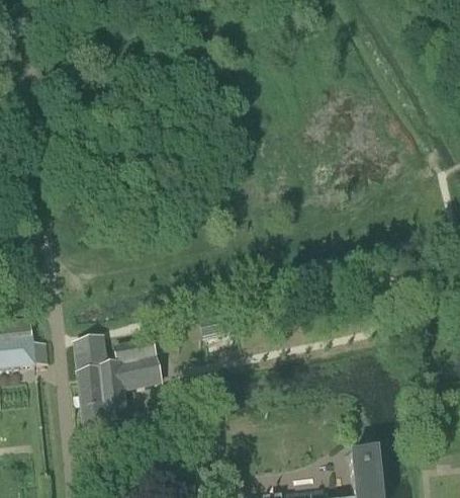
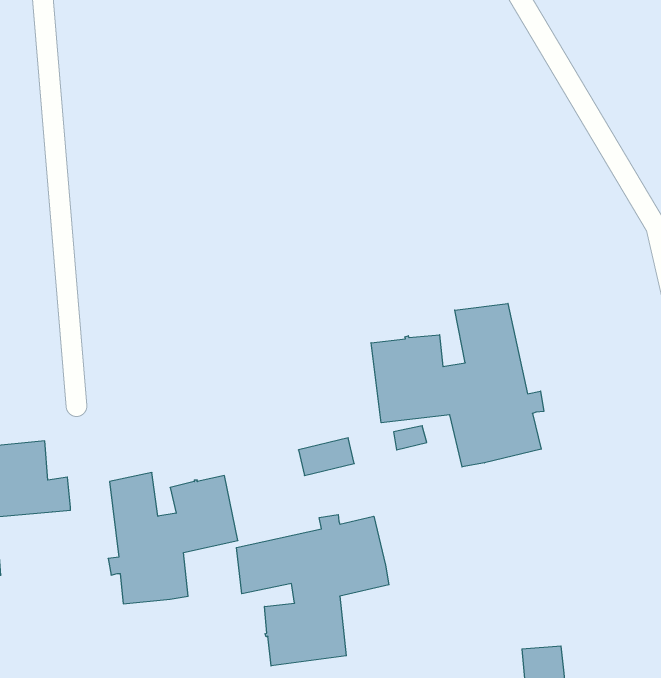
building: none -> [371,303,544,467]
building: none -> [236,515,389,666]

